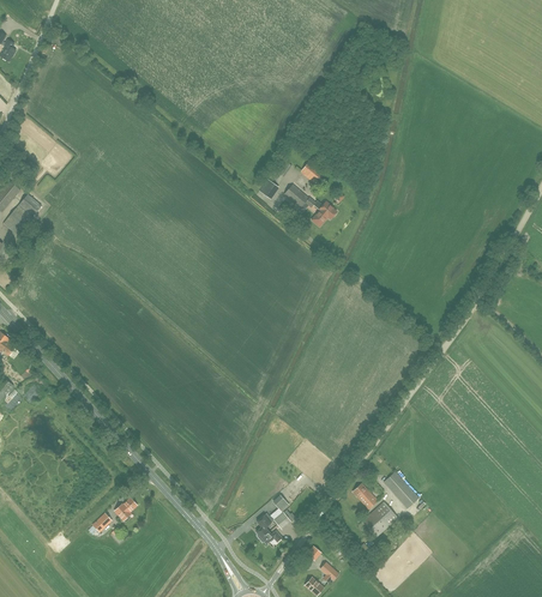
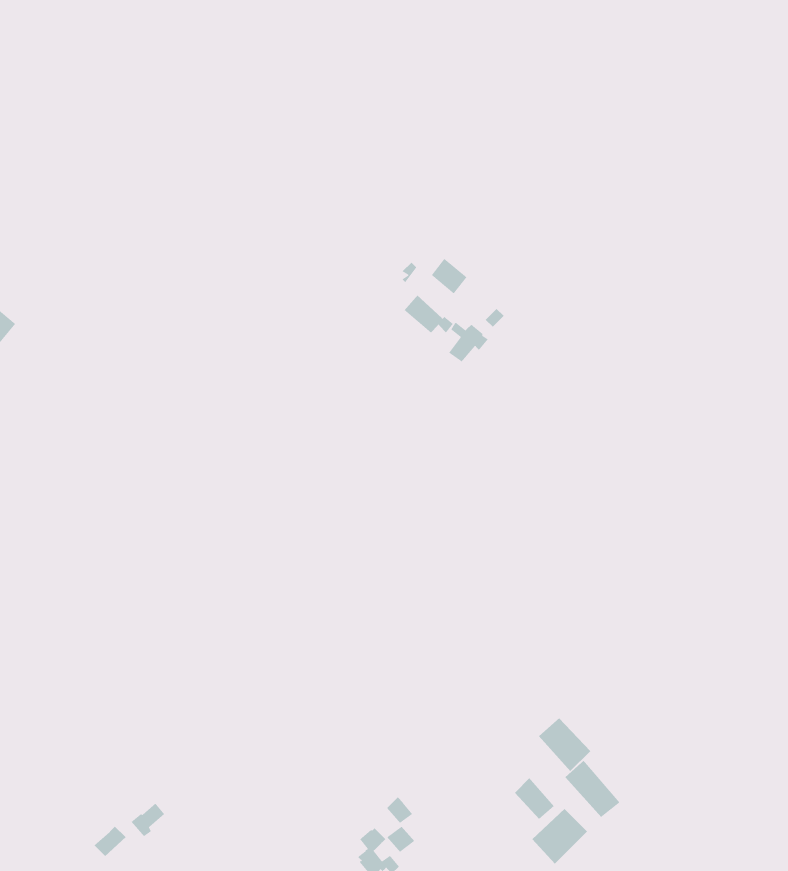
building: none -> [538,717,591,772]

